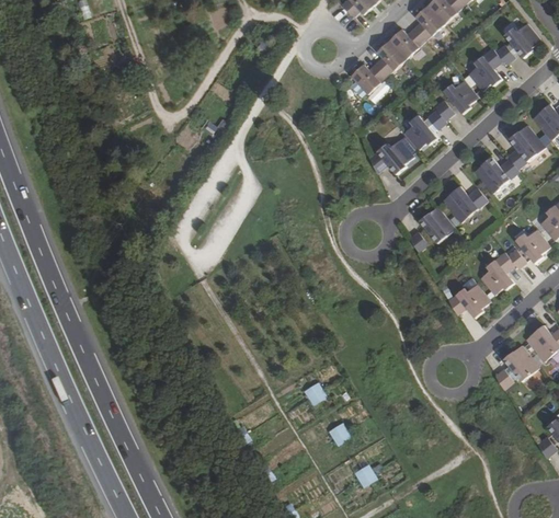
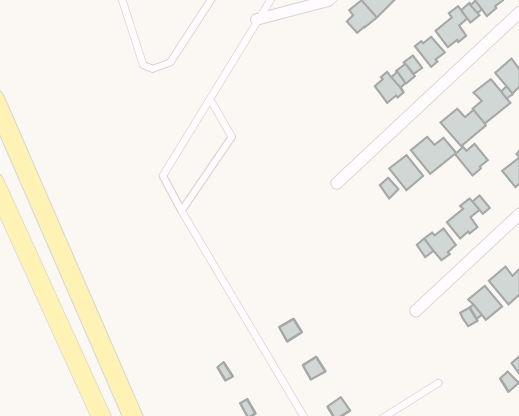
building: [350,64,385,94] -> none
building: [369,138,412,173] -> none
building: [515,229,550,263] -> [455,144,488,176]

